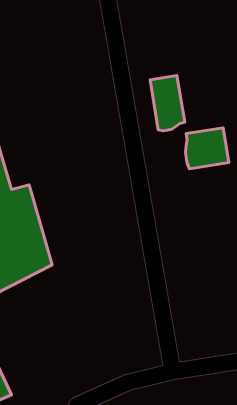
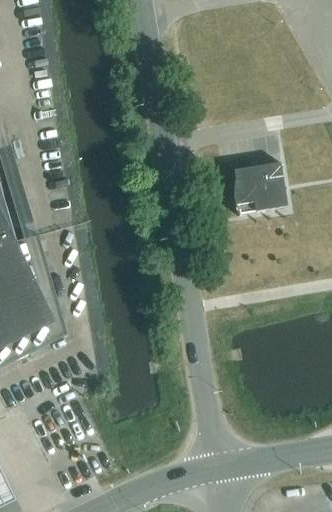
building: [150,76,185,131] -> none

